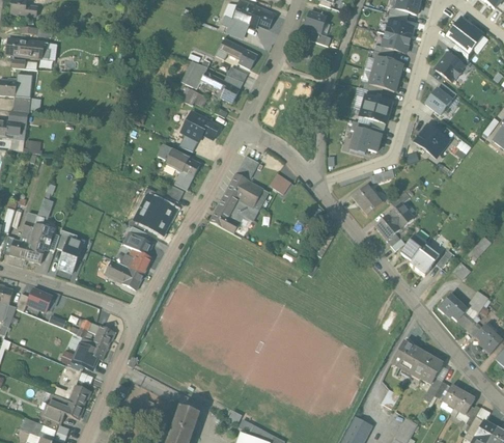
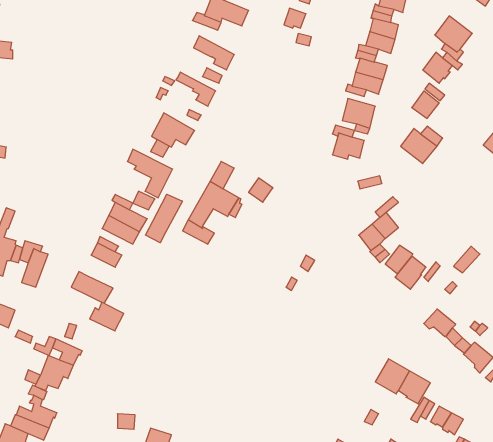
building: [353,185,381,214] -> none
building: none -> [145,194,182,243]
building: [120,247,152,274] -> [90,302,124,331]

